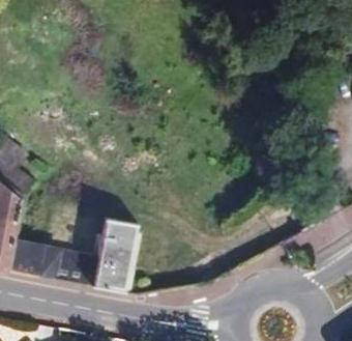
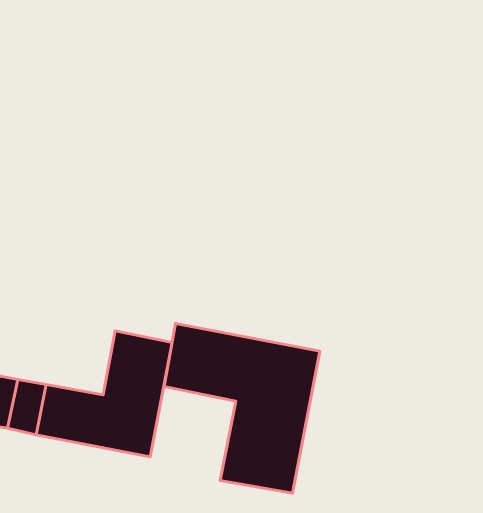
building: none -> [164,324,320,493]

